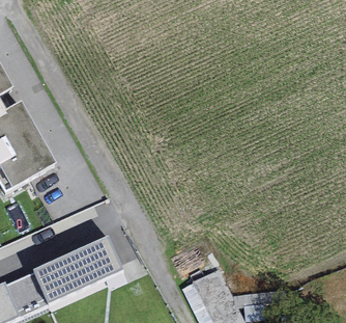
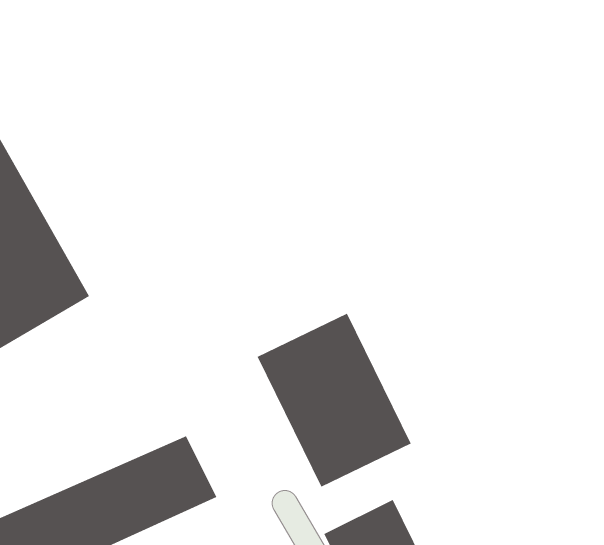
building: none -> [257,313,411,487]

